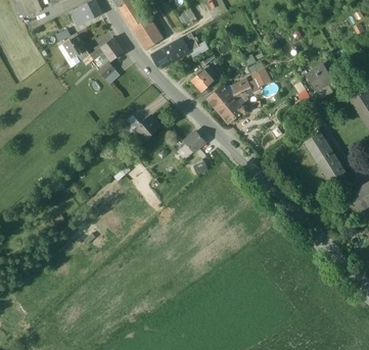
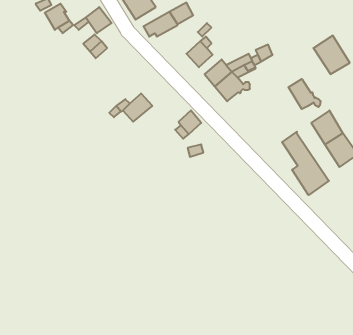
building: none -> [288,79,321,109]
building: none -> [282,132,329,195]

